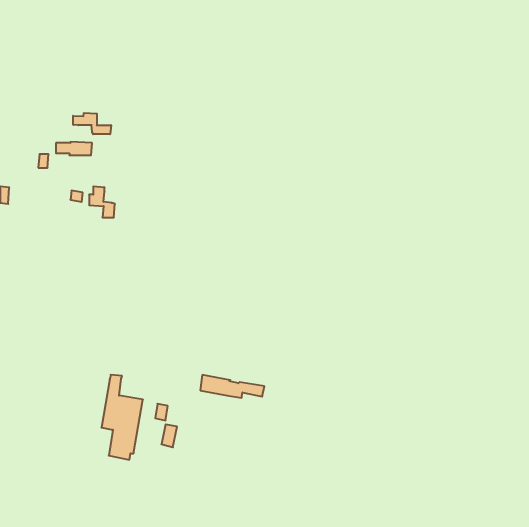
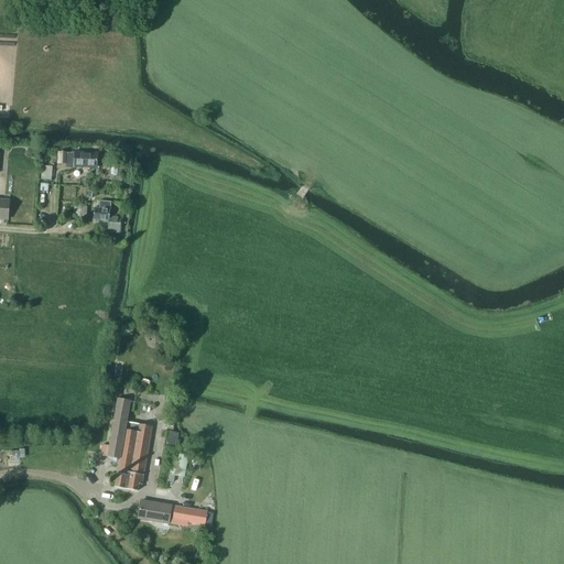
building: [73,113,111,134] -> none
building: [200,375,264,398] -> [139,499,207,523]

